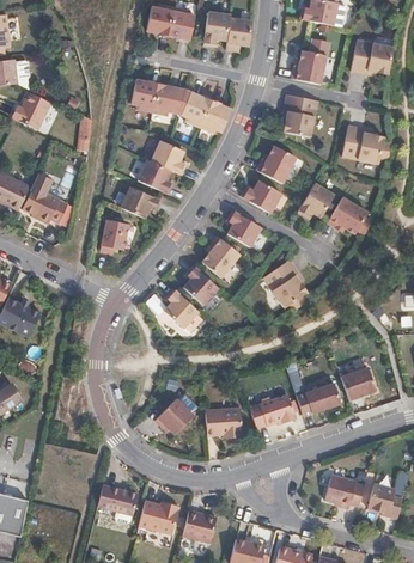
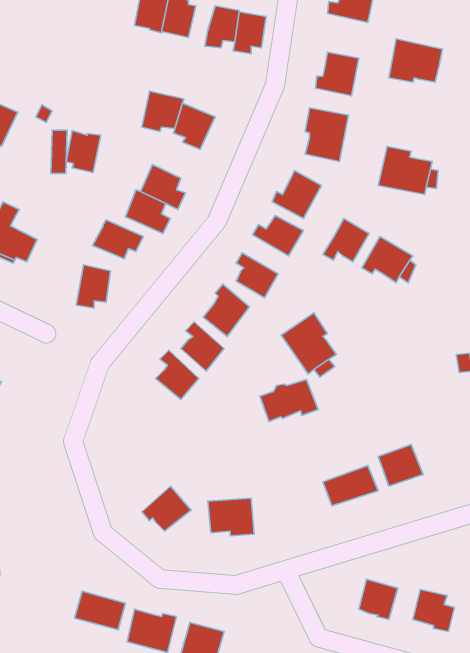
building: [129,79,157,112] -> [66,131,100,172]
building: [197,103,230,136] -> none
building: [248,394,294,428] -> [260,380,318,421]

